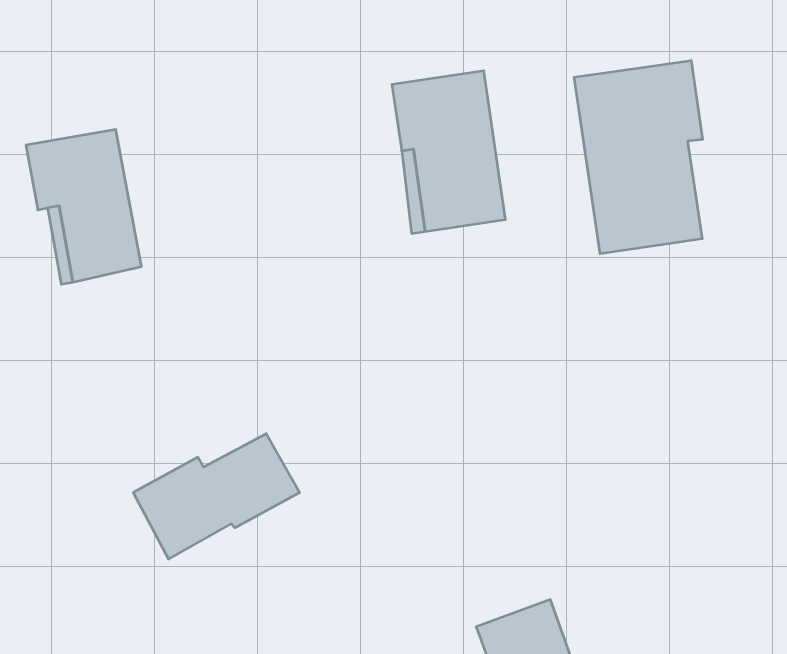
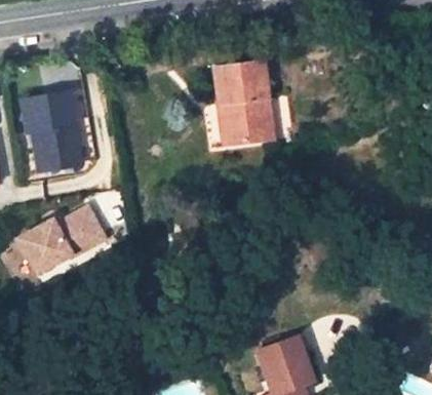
building: [574,60,703,254] -> none
building: [133,434,300,559] -> [17,207,105,273]

